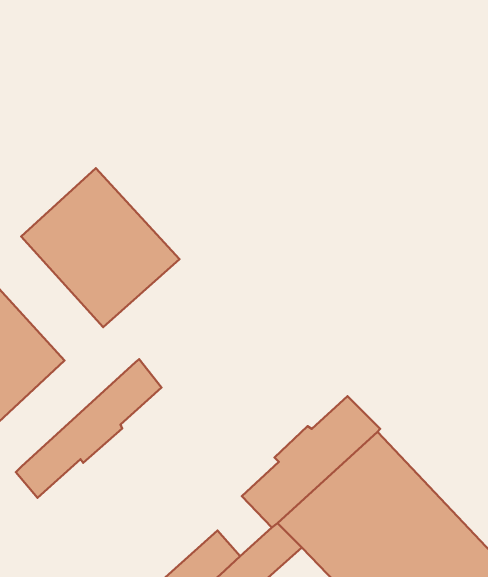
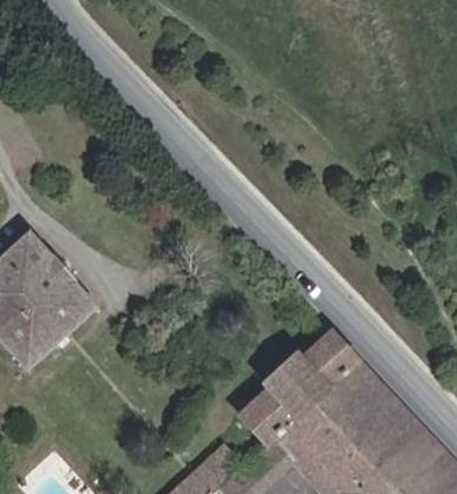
building: [21,168,179,327] -> none
building: [16,359,162,498] -> none

